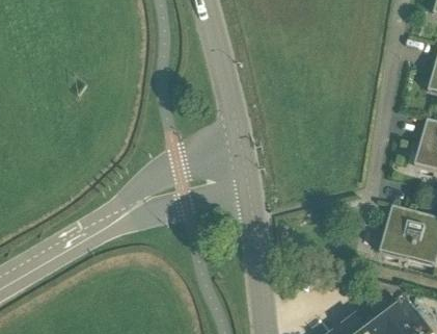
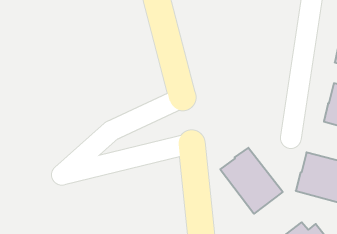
building: none -> [220,148,283,214]

